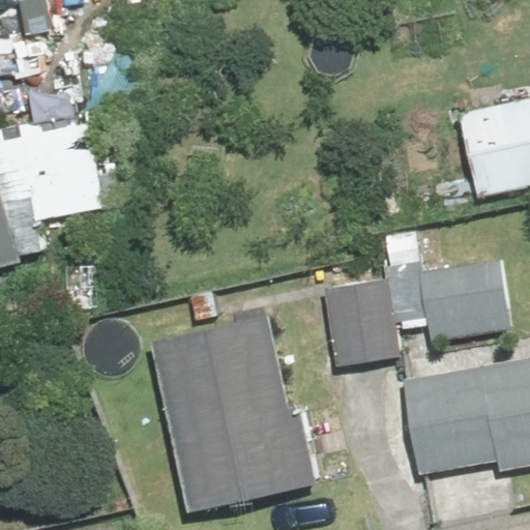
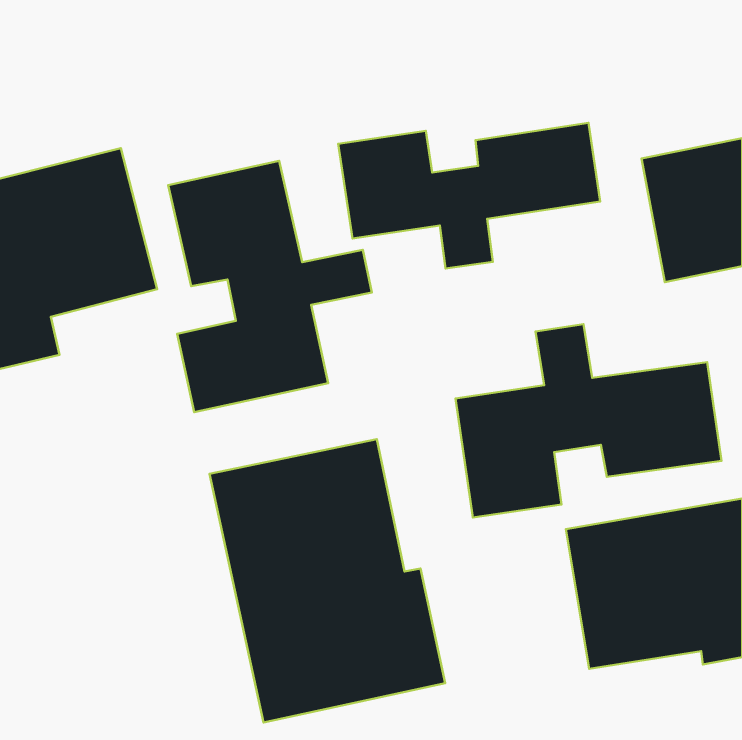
building: none -> [338,123,600,269]
building: none -> [168,161,372,412]

